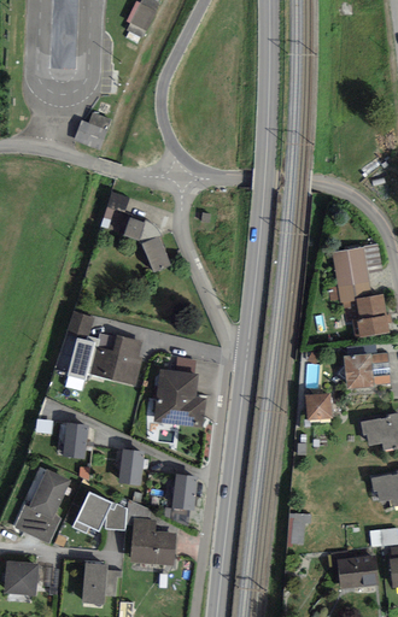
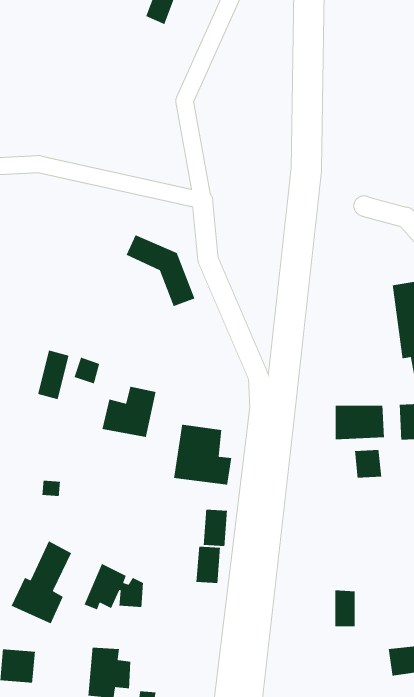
building: [74,116,107,149] -> none
building: [68,335,95,378] -> [37,350,69,400]
building: none -> [335,405,385,440]
building: [62,423,82,456] -> none
building: [118,449,140,482] -> [203,509,228,547]
building: [127,523,175,565] -> none

